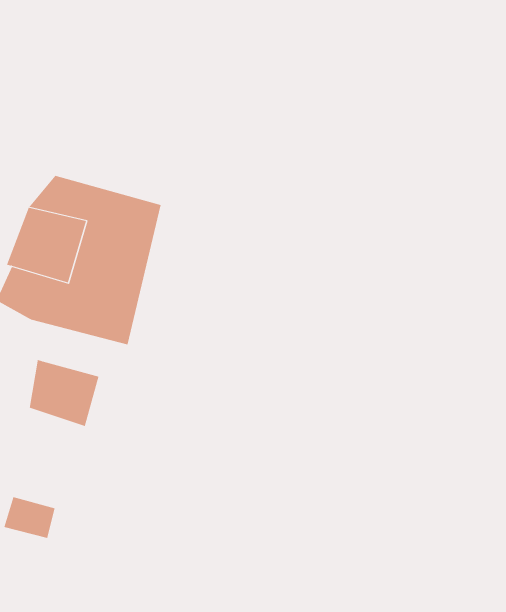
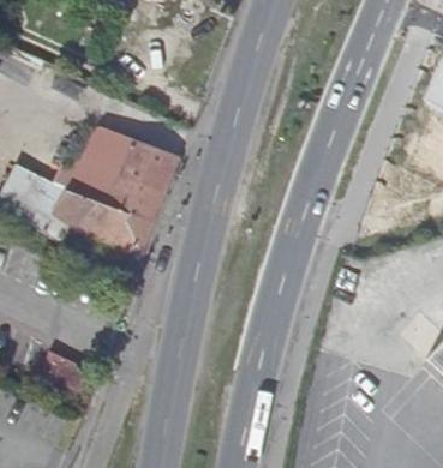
building: [29,359,99,427] -> none

